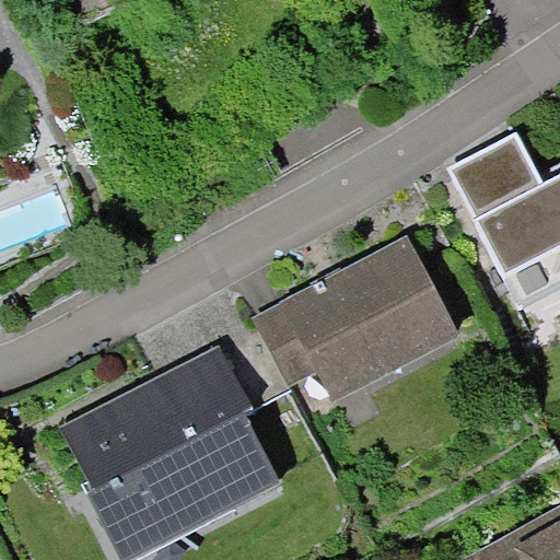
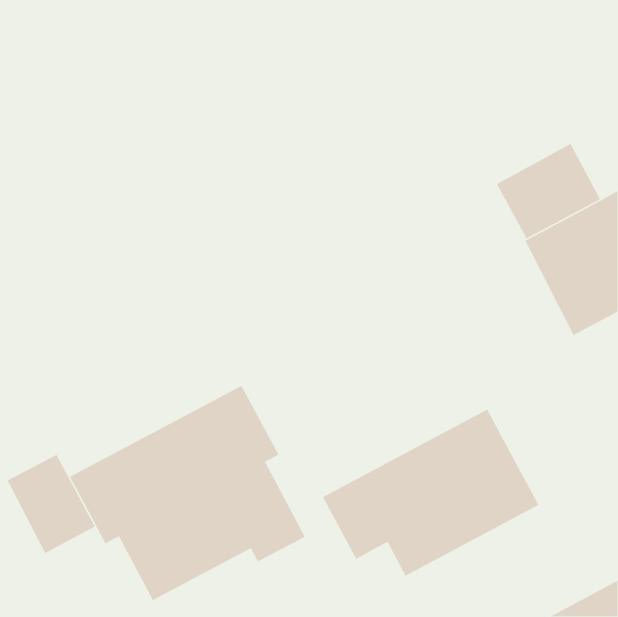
building: [256,245,453,397] -> [322,409,540,577]
building: none -> [6,454,96,554]

